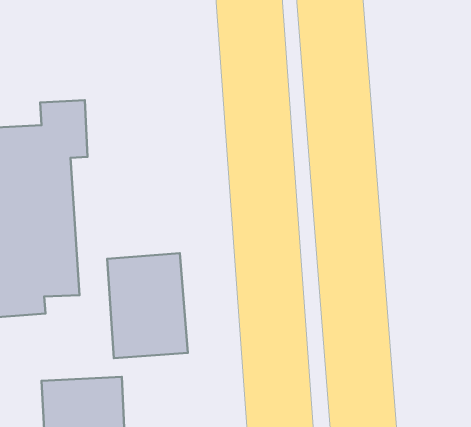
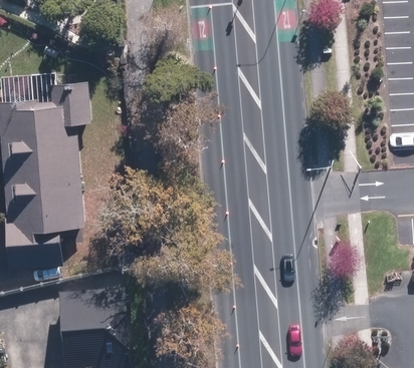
building: [107,253,188,358] -> none

